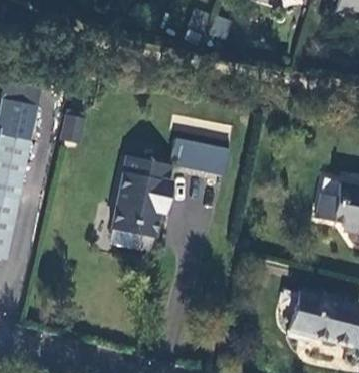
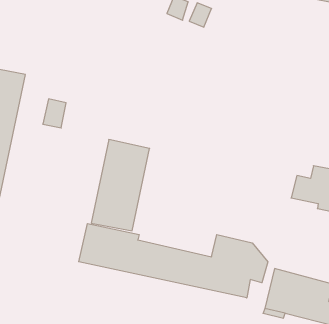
building: [171,137,229,178] -> none
building: none -> [79,224,268,298]

